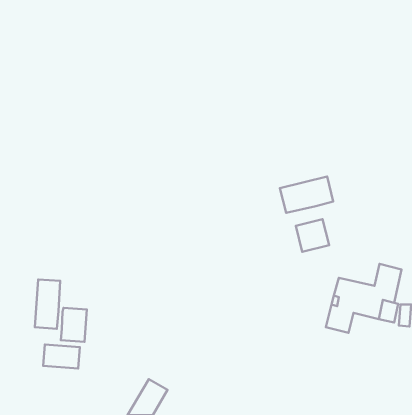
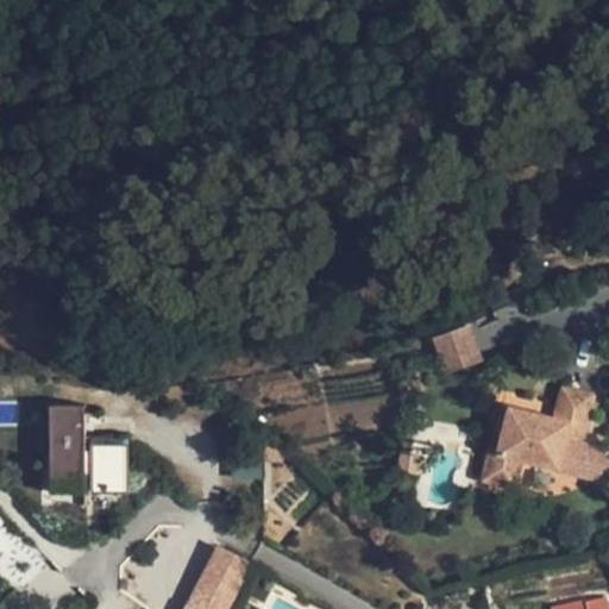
building: [280,177,333,213] -> none
building: [43,345,80,368] -> none

